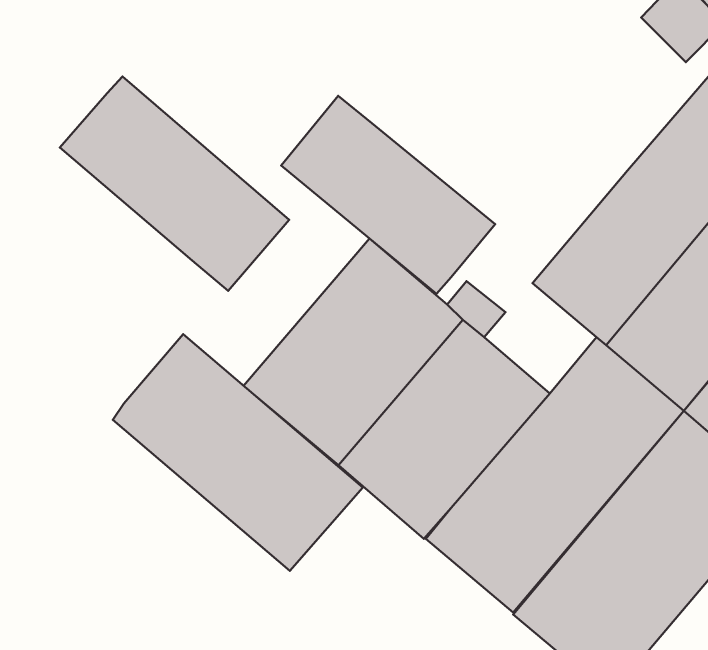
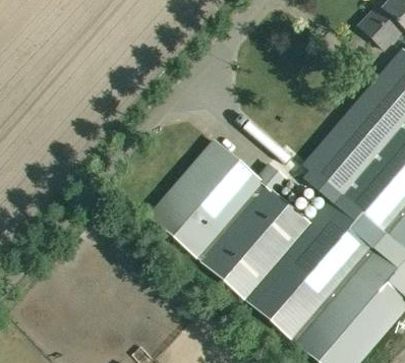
building: [60,76,289,291] -> none
building: [281,96,495,294] -> none
building: [113,334,363,571] -> none

